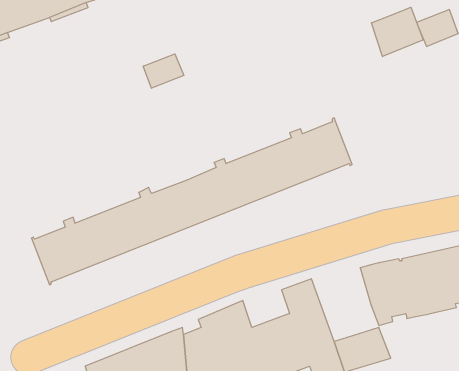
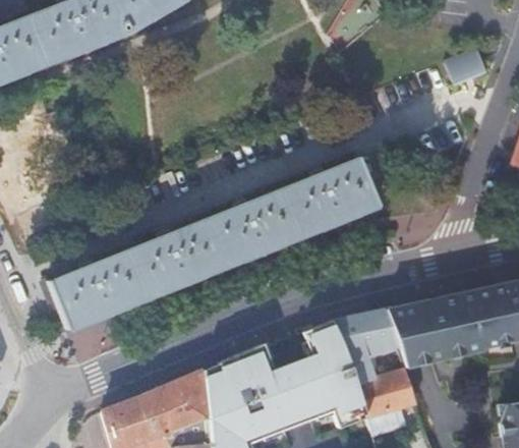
building: [371,7,423,57] -> none
building: [143,54,184,88] -> none
building: none -> [336,311,393,386]

